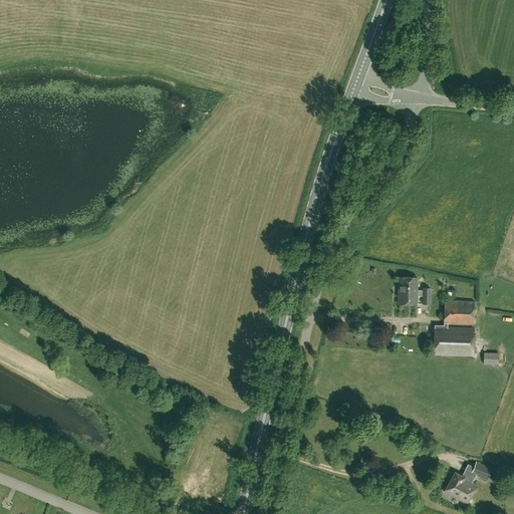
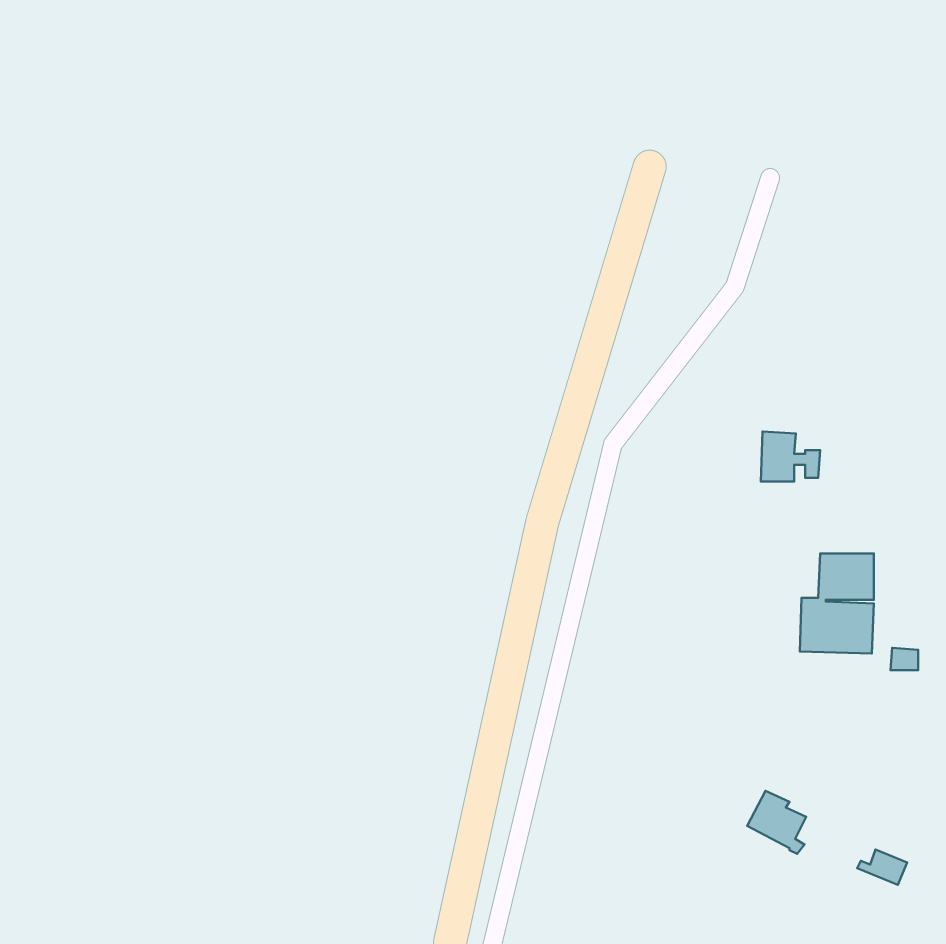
building: [399,277,431,304] -> [761,432,820,482]
building: [445,472,477,506] -> [747,791,806,854]

